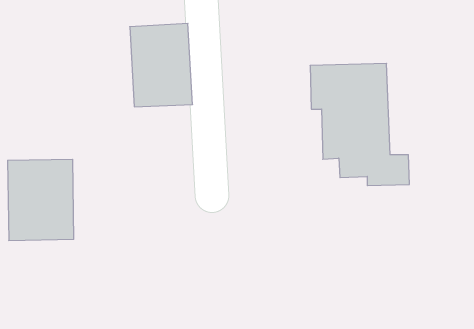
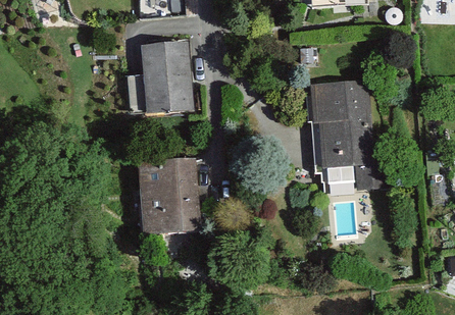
building: [8,159,74,240] -> [141,162,200,234]

